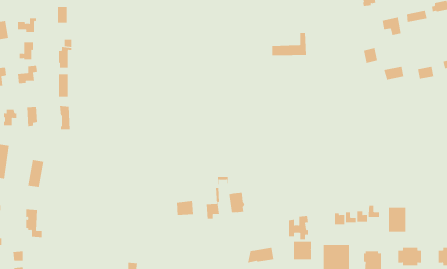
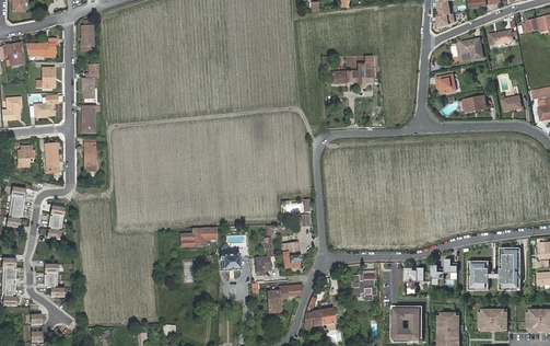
building: none -> [180,228,215,246]
building: none -> [500,249,520,291]
building: none -> [267,285,302,313]
building: [293,241,311,260] -> none

